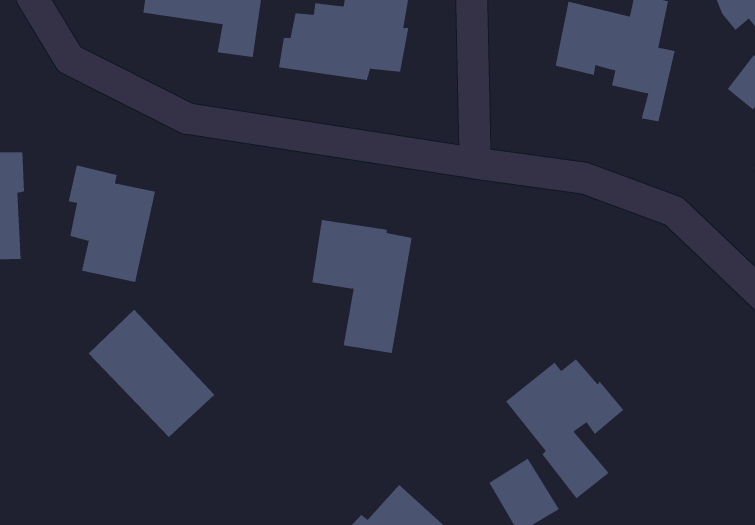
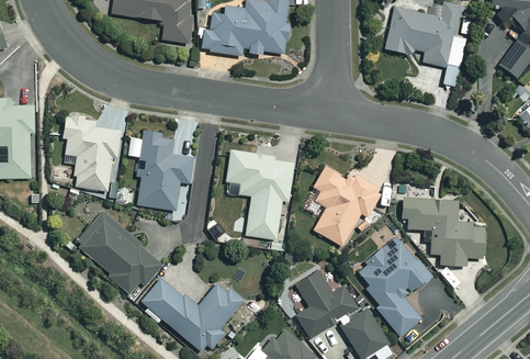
building: none -> [137,131,193,210]
building: none -> [313,166,383,246]
building: none -> [403,198,486,267]
building: none -> [296,271,358,337]
building: none -> [138,278,244,348]

